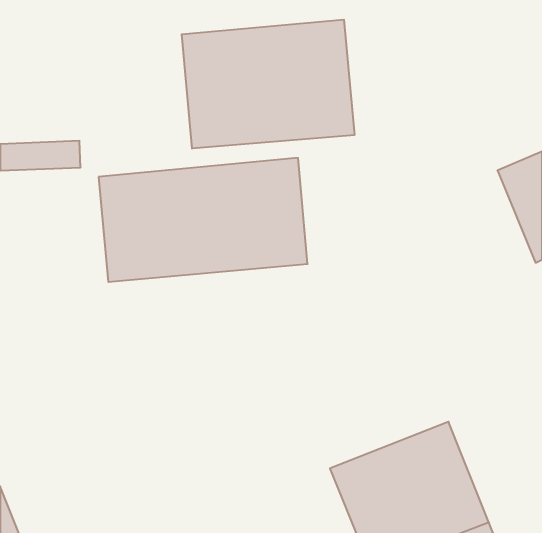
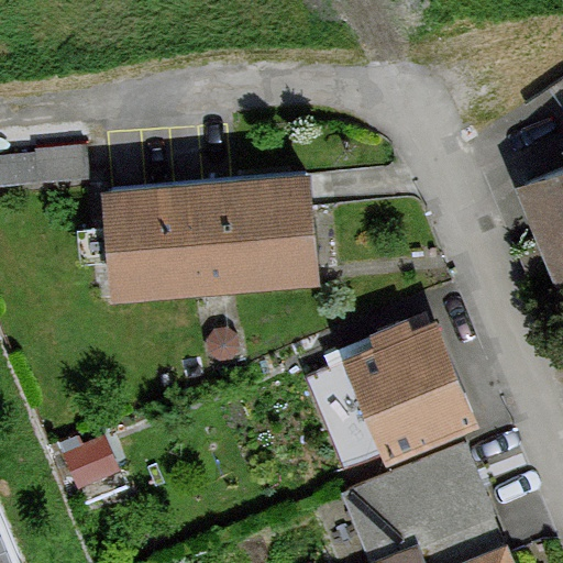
building: [182,20,354,149] -> none
building: none -> [311,320,476,471]

